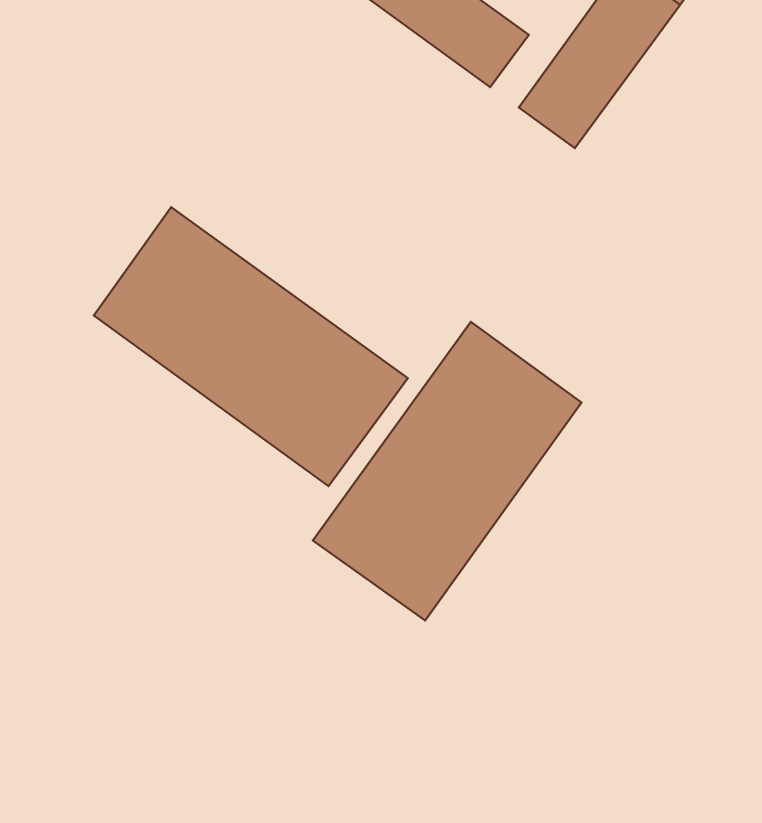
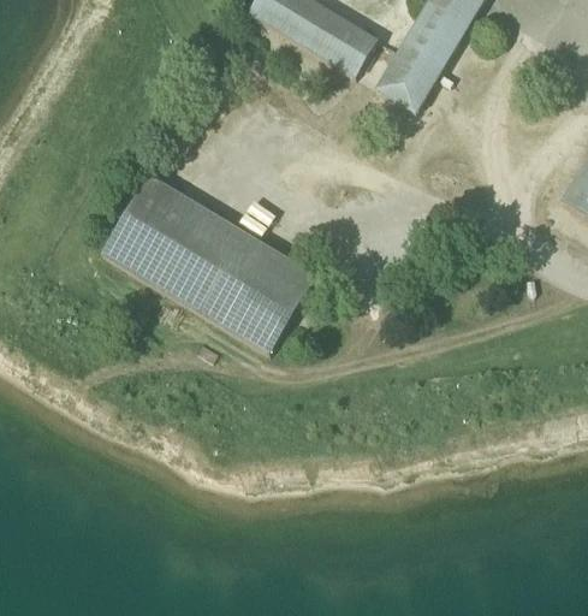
building: [313,322,582,621] -> none

